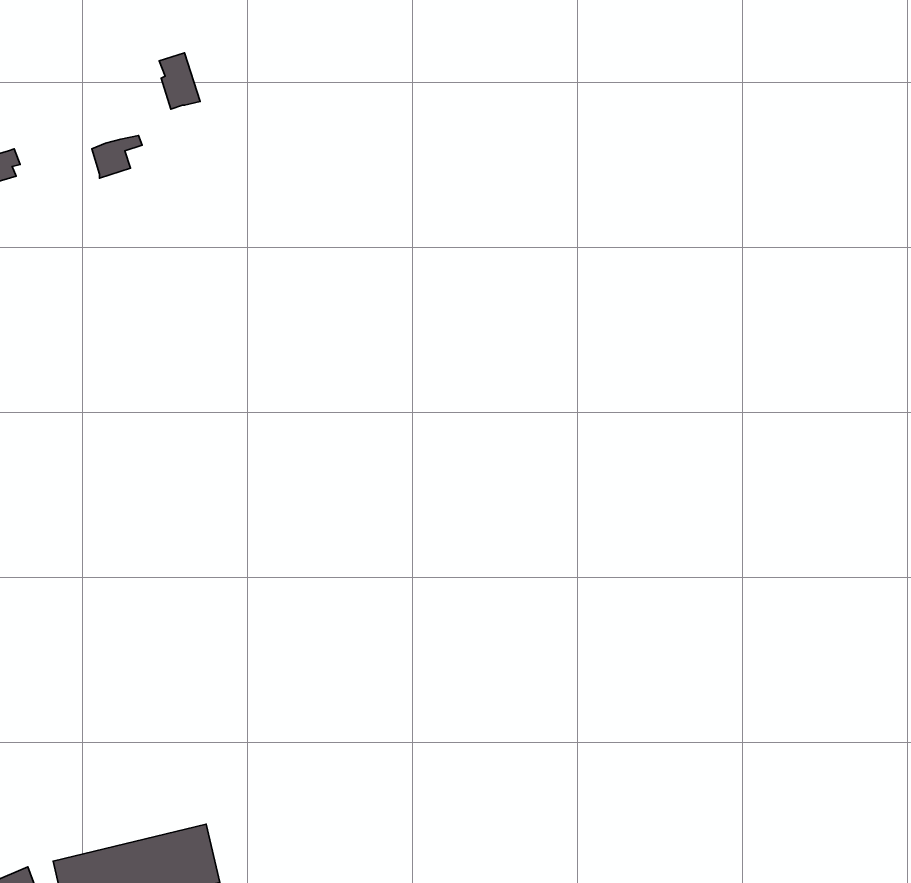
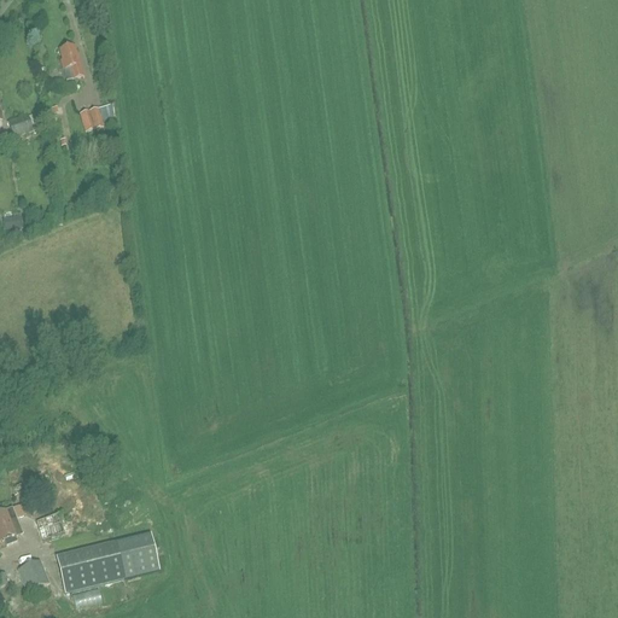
building: [159,53,200,109] -> [58,42,83,77]

